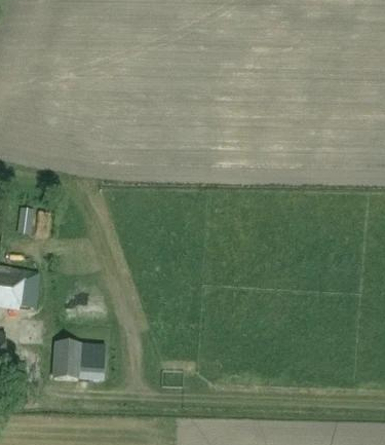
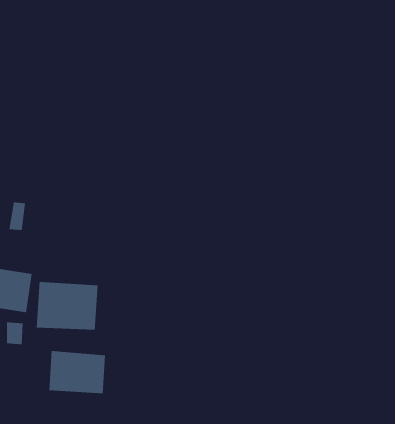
building: none -> [36,281,98,331]

